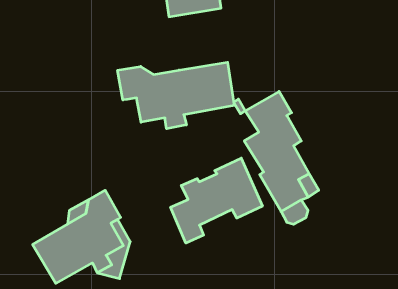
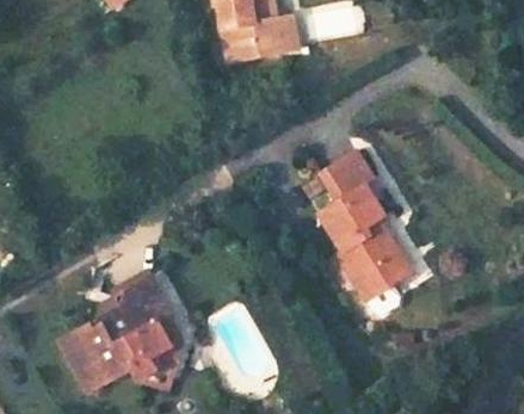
building: [118,62,234,129] -> none
building: [171,158,262,243] -> none

